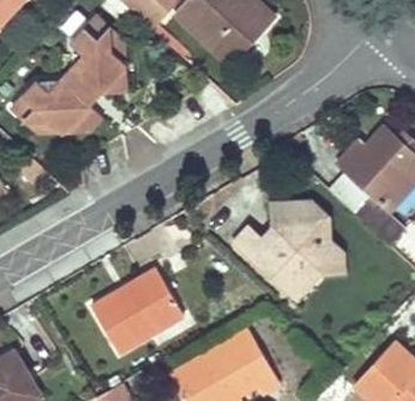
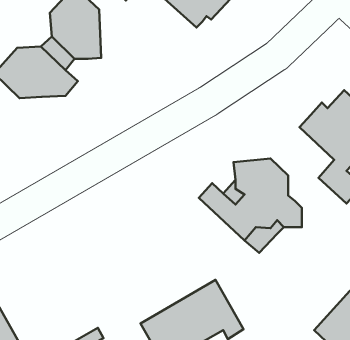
building: [91,268,182,352] -> none

